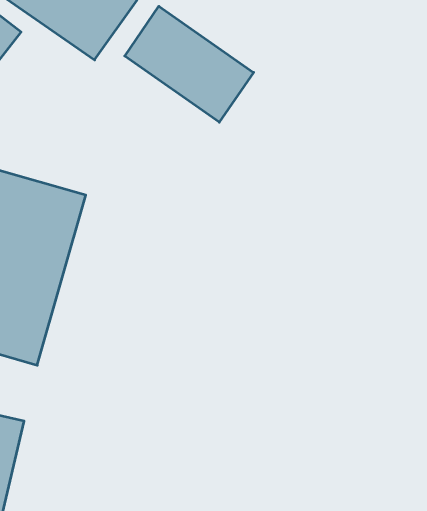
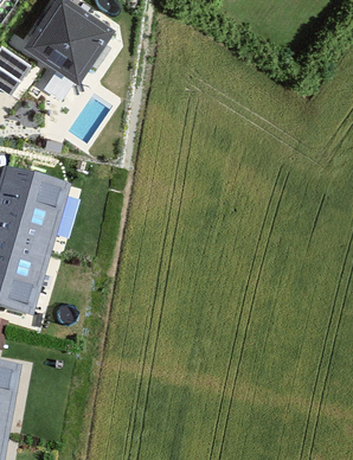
building: [125,6,254,122] -> none

